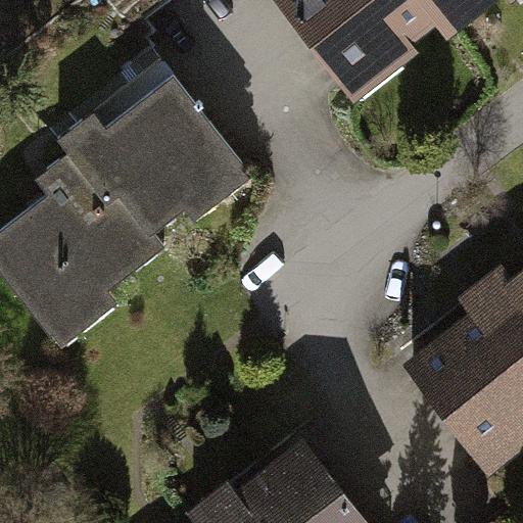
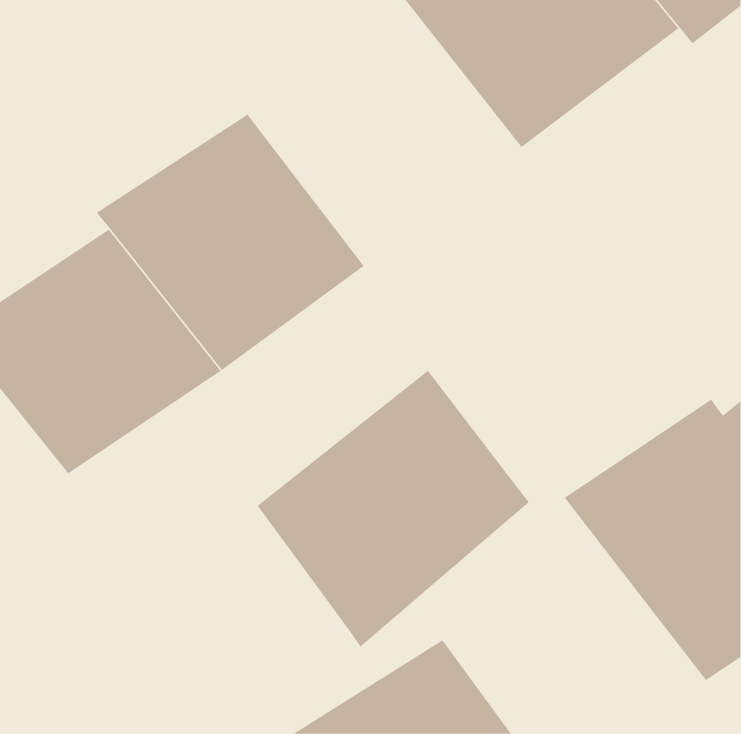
building: none -> [257,370,530,648]

